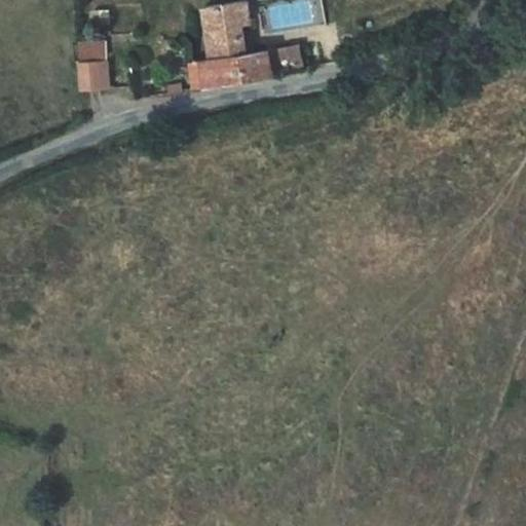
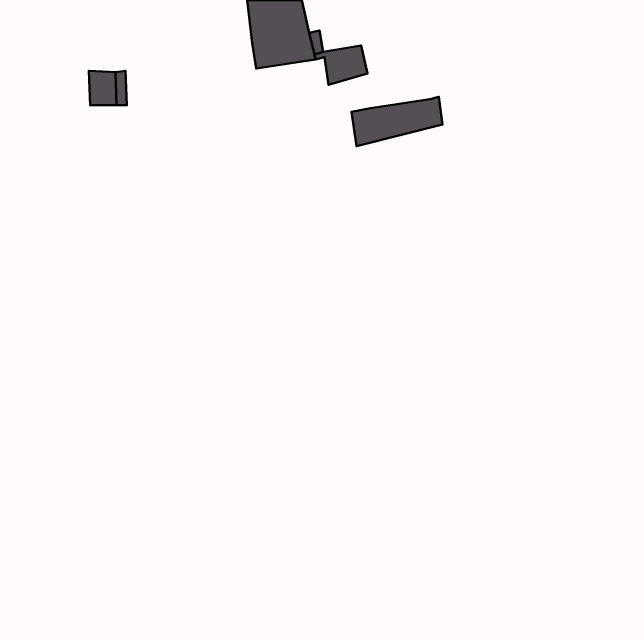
building: [192,52,266,92] -> [351,97,443,146]

